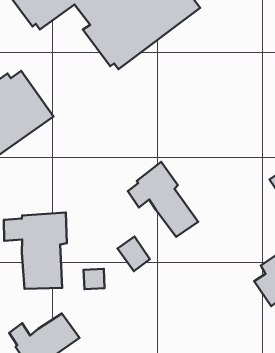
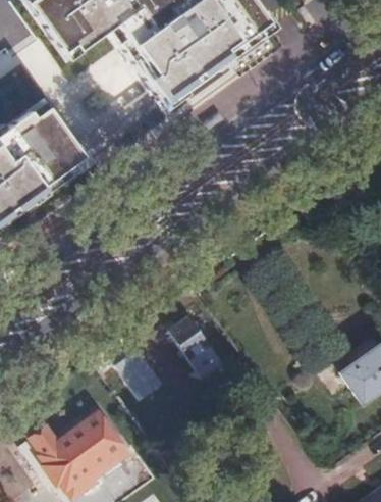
building: [128,162,198,237] -> none
building: [4,213,67,289] -> none

